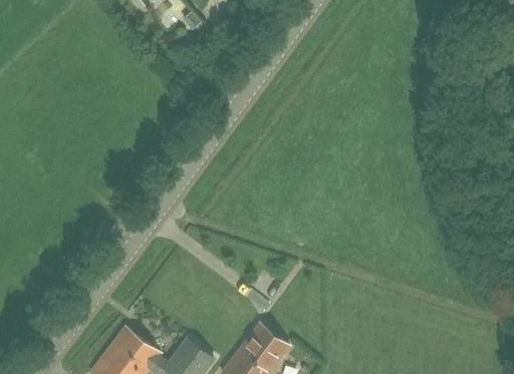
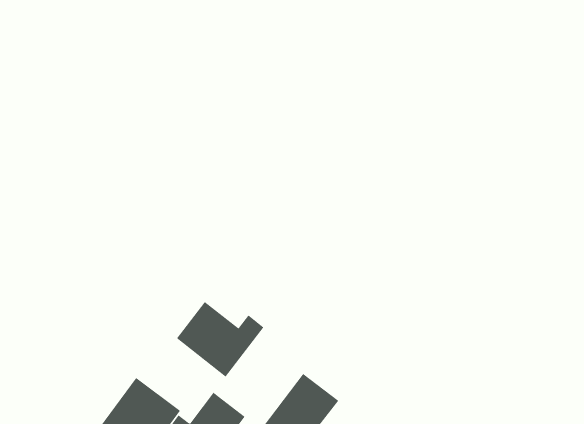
building: none -> [176,301,264,377]

